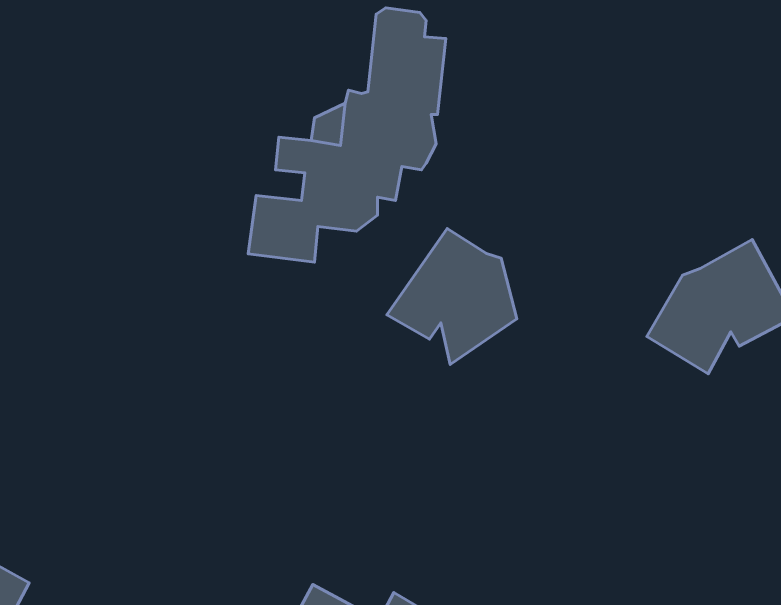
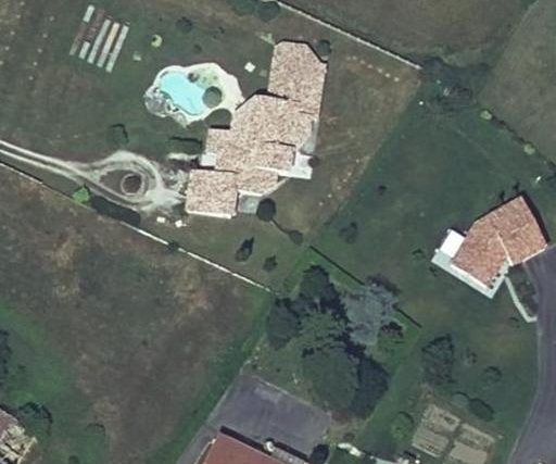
building: [387,229,517,365] -> none

